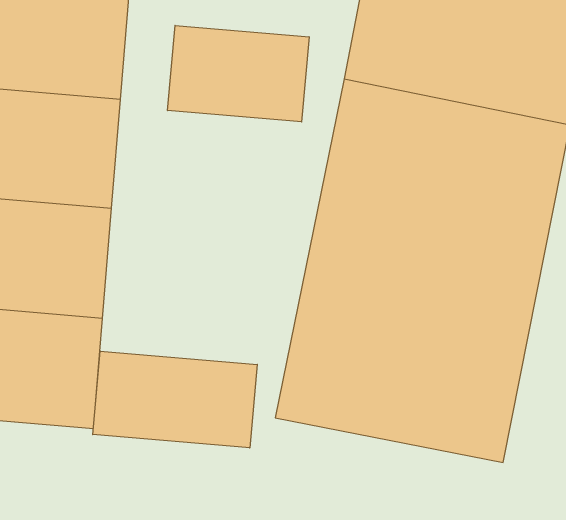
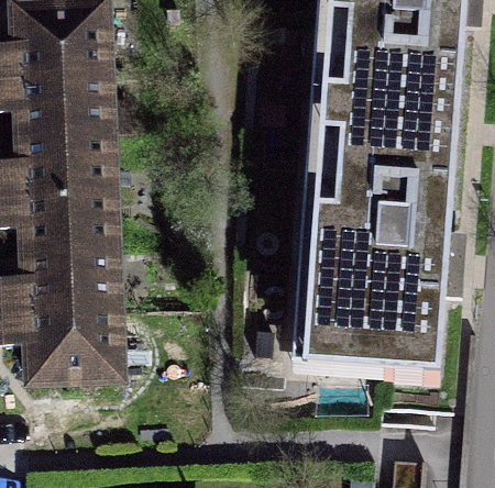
building: [168,25,309,122] -> none
building: [93,351,257,448] -> none

